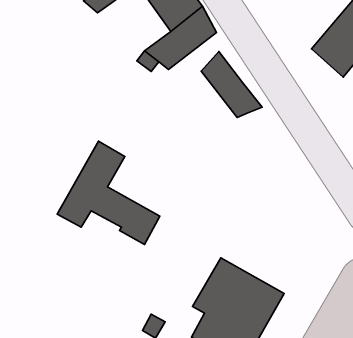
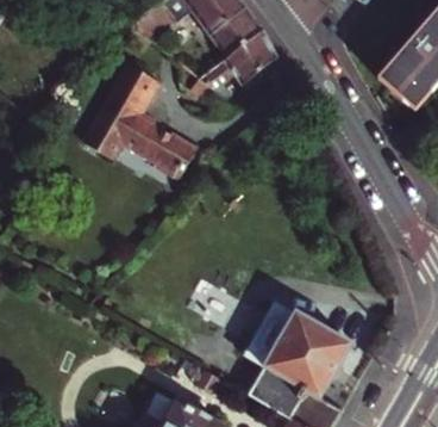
building: [201,52,262,117] -> none
building: [57,141,160,245] -> [85,66,196,179]

